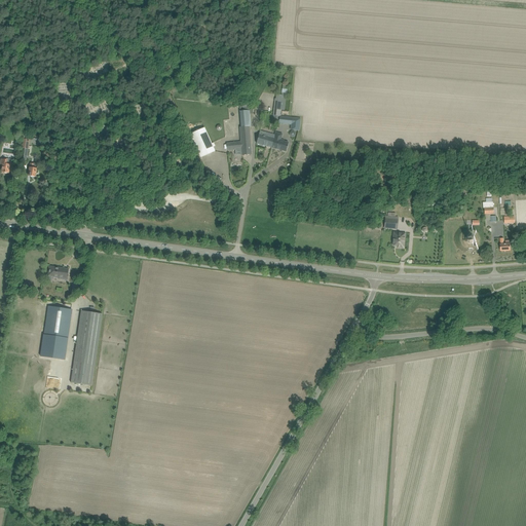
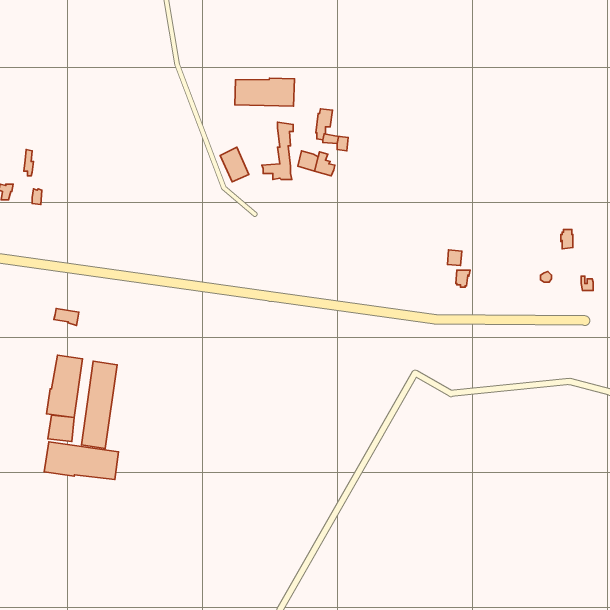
building: none -> [235,78,295,106]
building: none -> [44,442,119,479]

